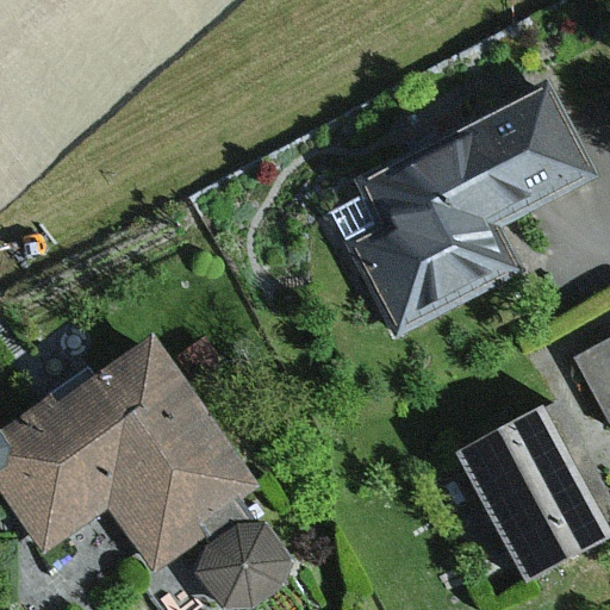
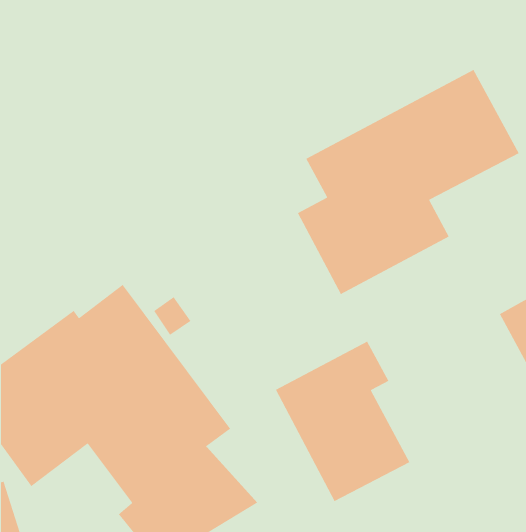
building: [449,398,604,583] -> [275,340,410,502]

